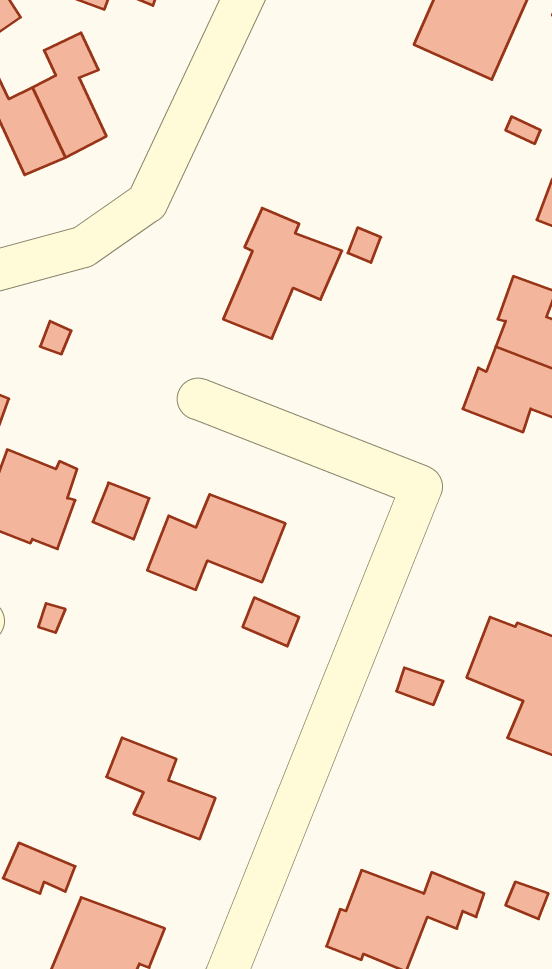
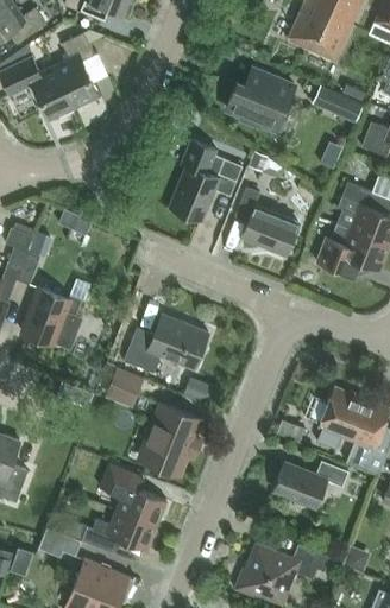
building: none -> [226,69,294,131]
building: none -> [309,84,363,124]
building: none -> [234,188,298,254]
building: [93,483,149,539] -> [107,370,141,405]
building: none -> [140,404,199,474]
building: none -> [273,461,348,507]
building: none -> [81,509,156,551]

